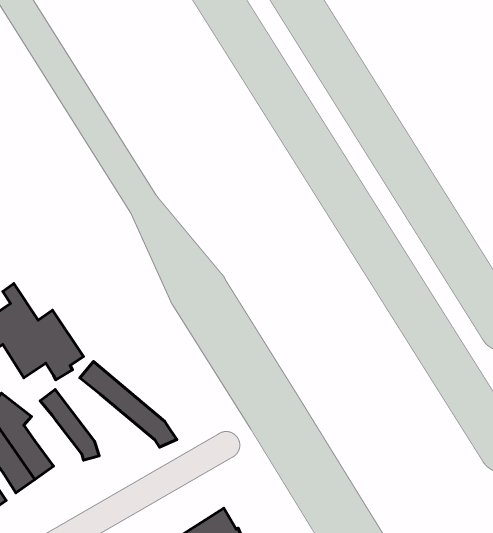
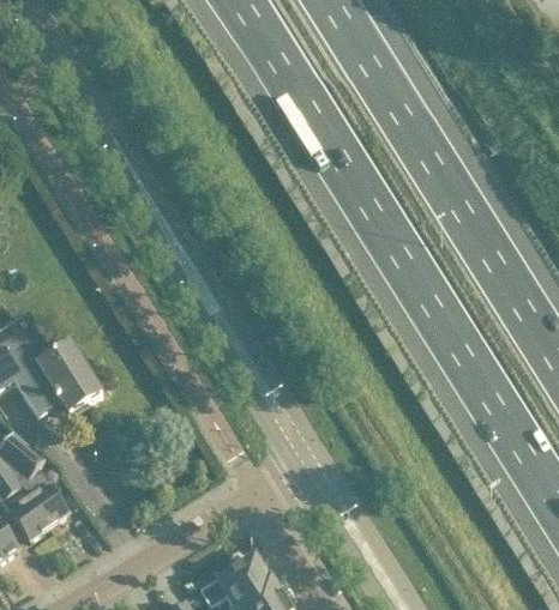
building: [80,361,177,447] -> none
building: [40,390,99,460] -> none

